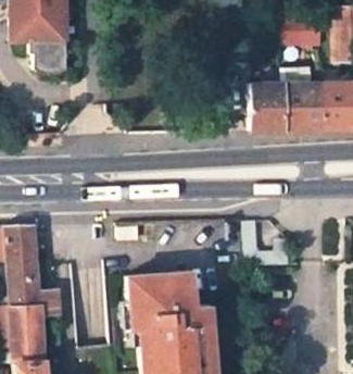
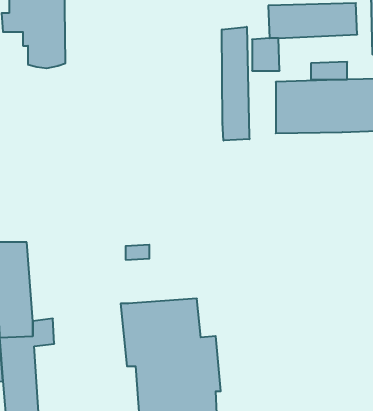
building: none -> [222,27,249,141]

